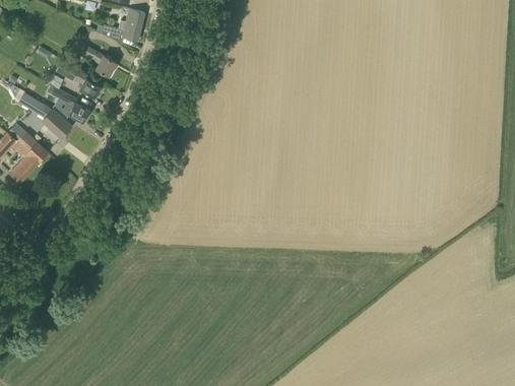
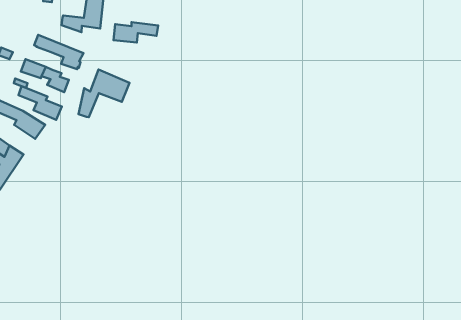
building: none -> [113,22,158,43]
building: none -> [79,70,130,117]

